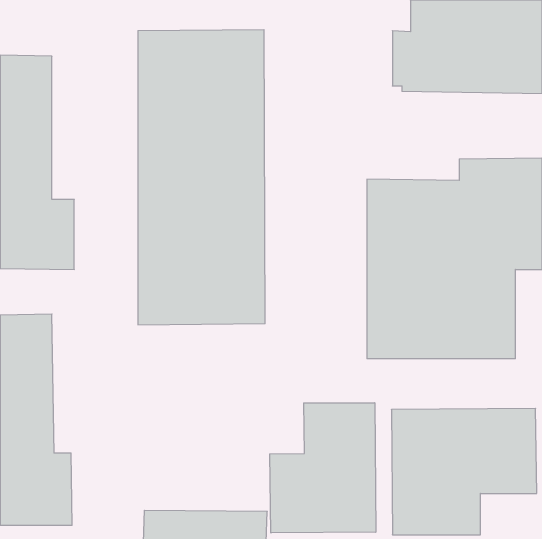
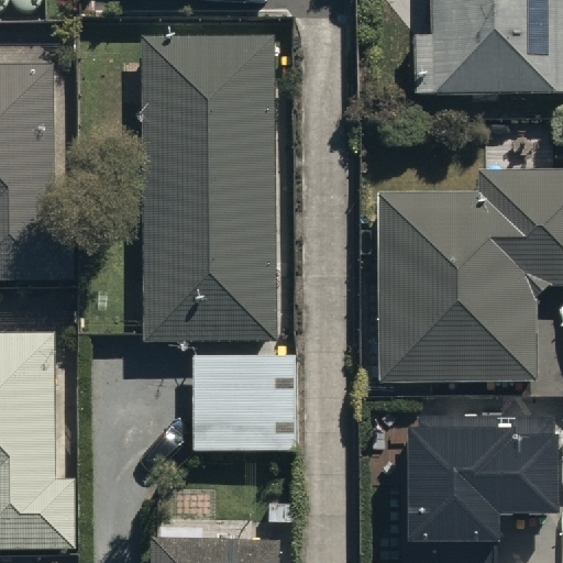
building: none -> [191,352,296,451]
building: [270,403,376,533] -> none

